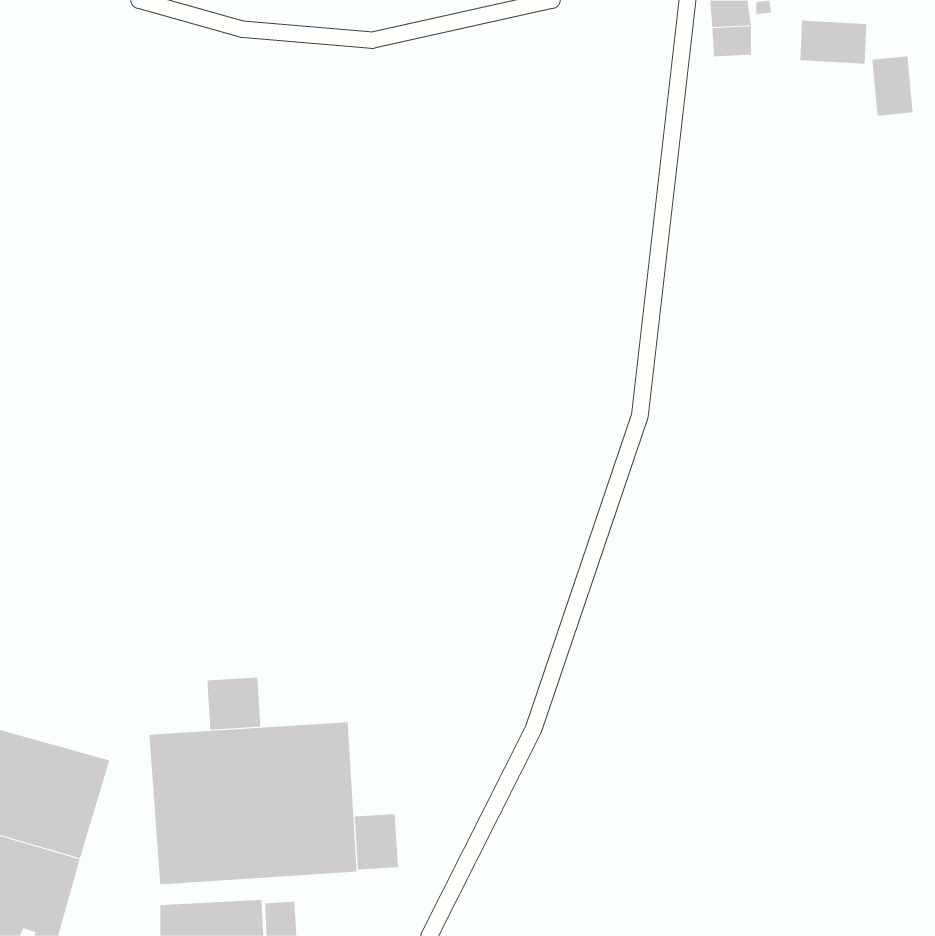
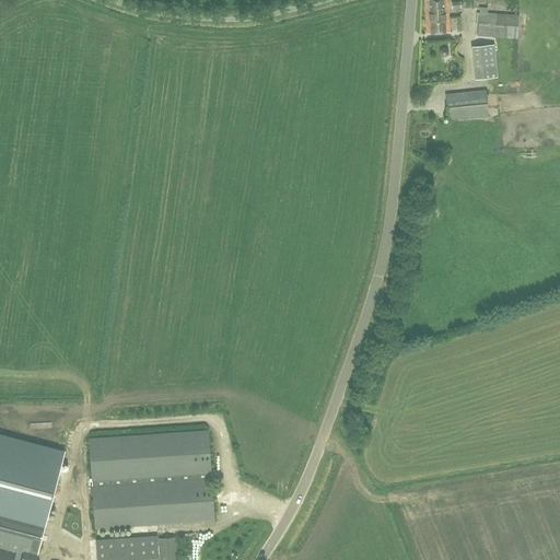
building: [871,56,914,116] -> [470,44,495,80]
building: none -> [445,91,487,120]
building: [207,677,261,731] -> none
building: [354,813,399,870] -> none

